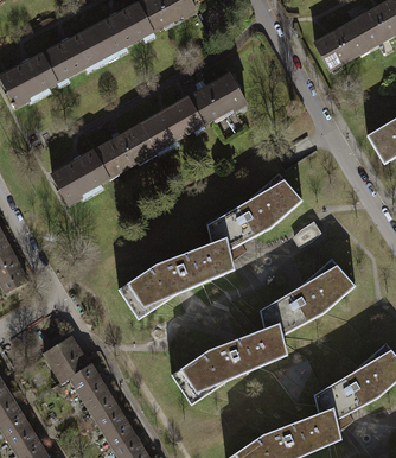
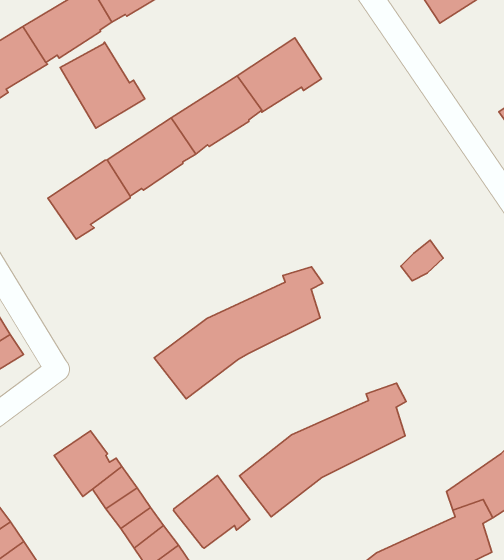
building: none -> [60,42,145,128]
building: [207,172,302,244] -> none
building: [261,257,356,330] -> none
building: none -> [174,476,250,548]

